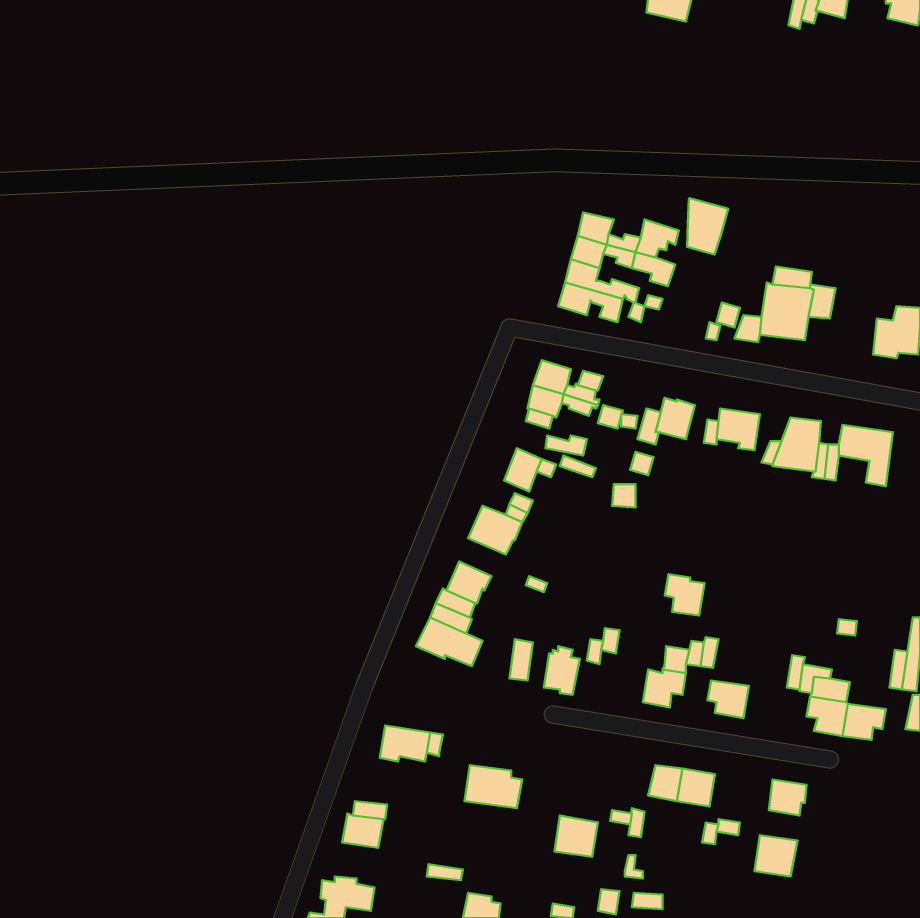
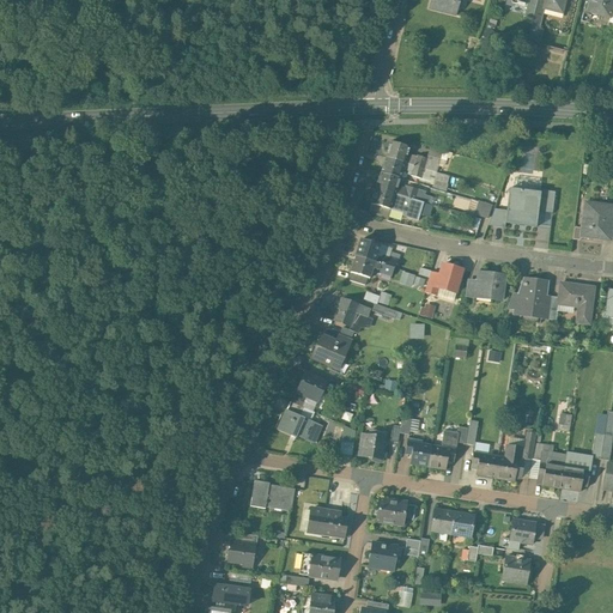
building: [687,198,728,255] -> none
building: [665,574,704,615] -> [405,439,431,467]
building: none -> [494,445,523,481]
building: none -> [376,499,407,526]
building: none -> [299,553,339,579]

